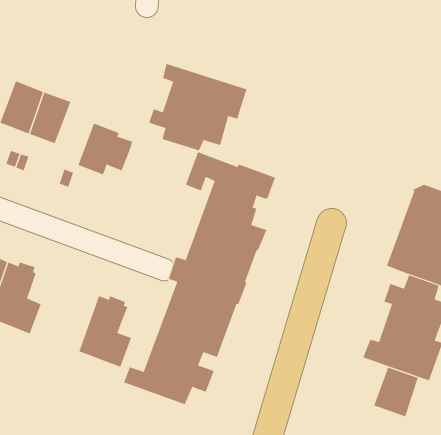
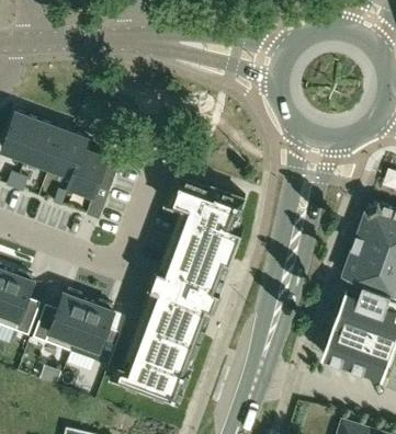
building: [148,63,247,151] -> none
building: none -> [49,130,87,186]
building: none -> [32,289,88,351]
building: [373,367,419,417] -> none

